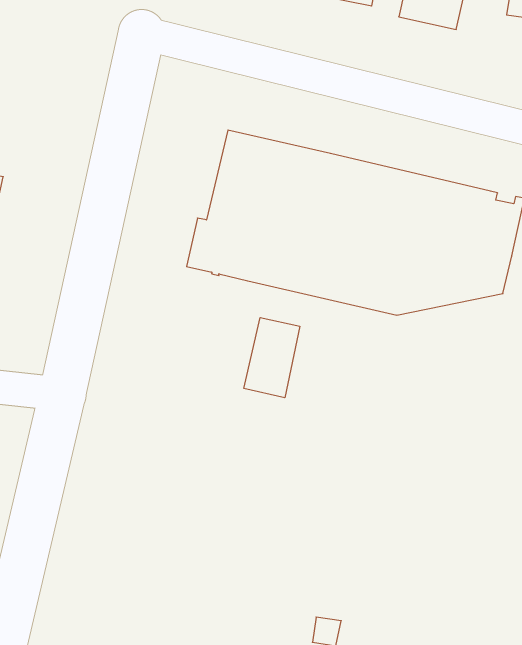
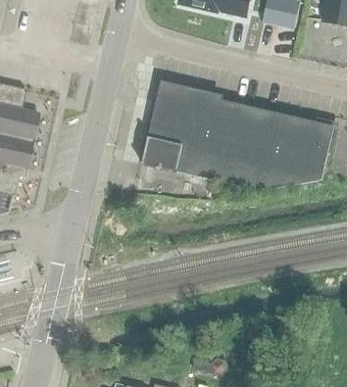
building: [244,318,300,398] -> none

